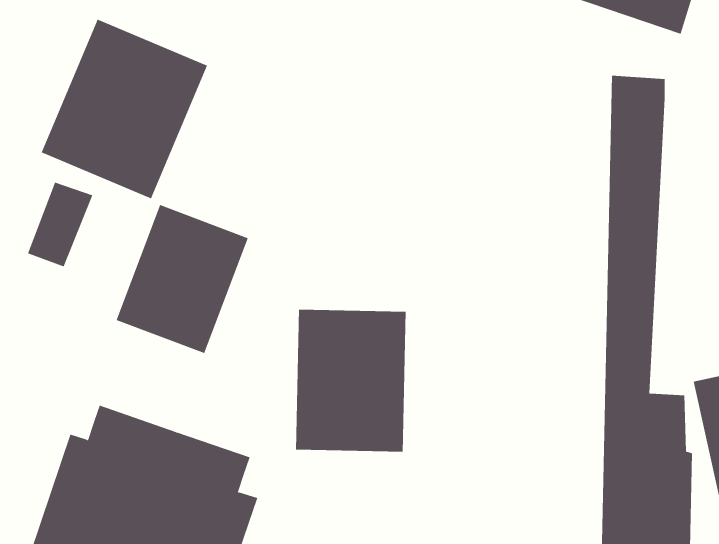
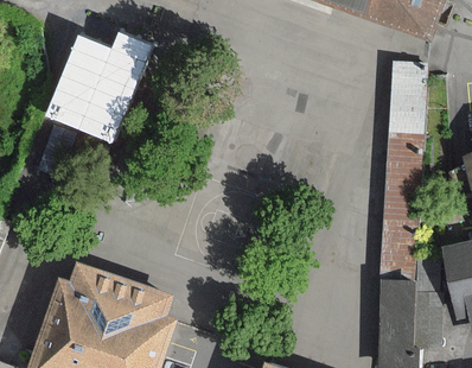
building: [116,204,249,354] -> none
building: [296,309,406,452] -> none

